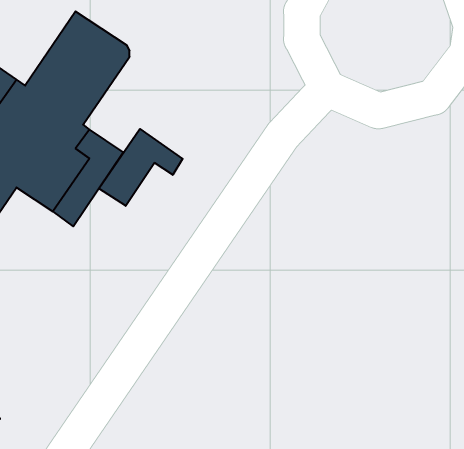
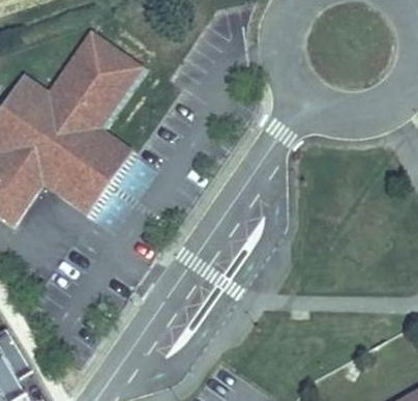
building: [99,129,183,206] -> none

